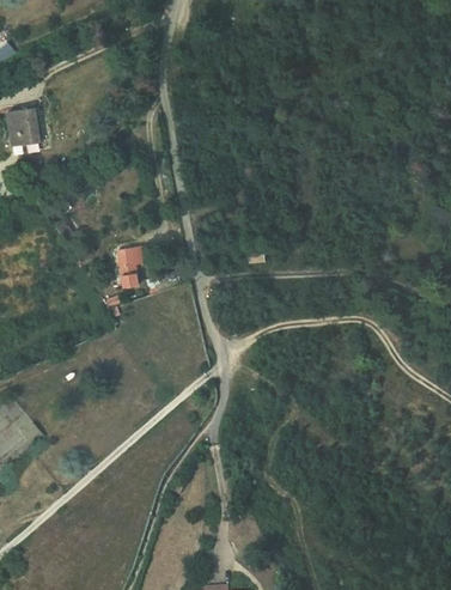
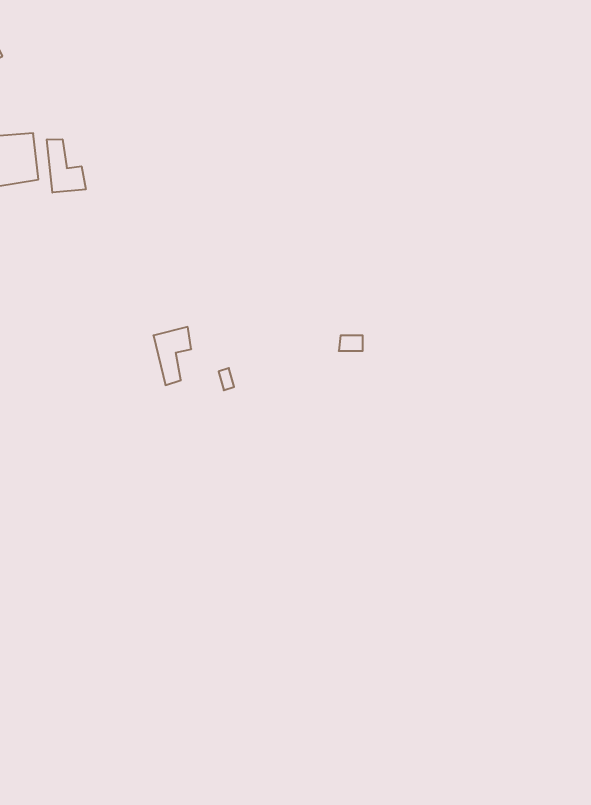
building: none -> [47,139,86,193]

